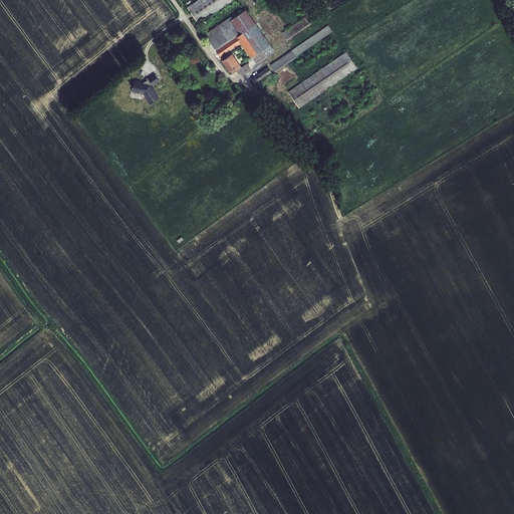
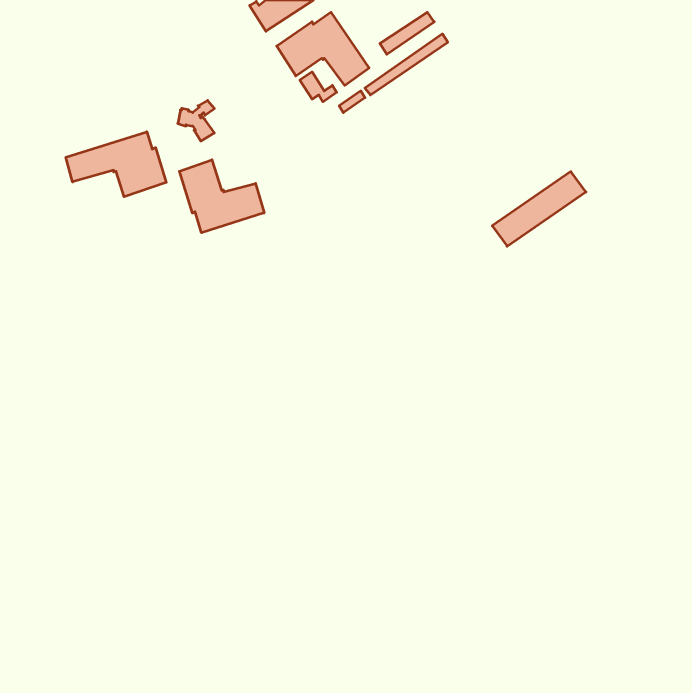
building: [287,52,356,107] -> [492,172,586,246]
building: none -> [66,132,166,197]
building: none -> [179,160,264,233]

